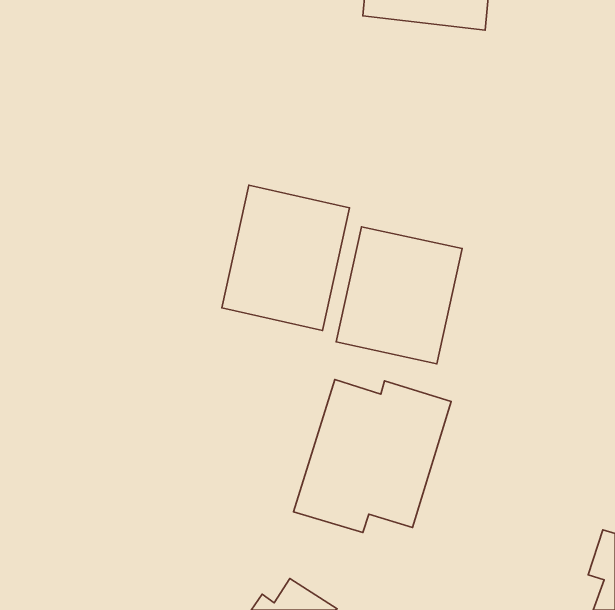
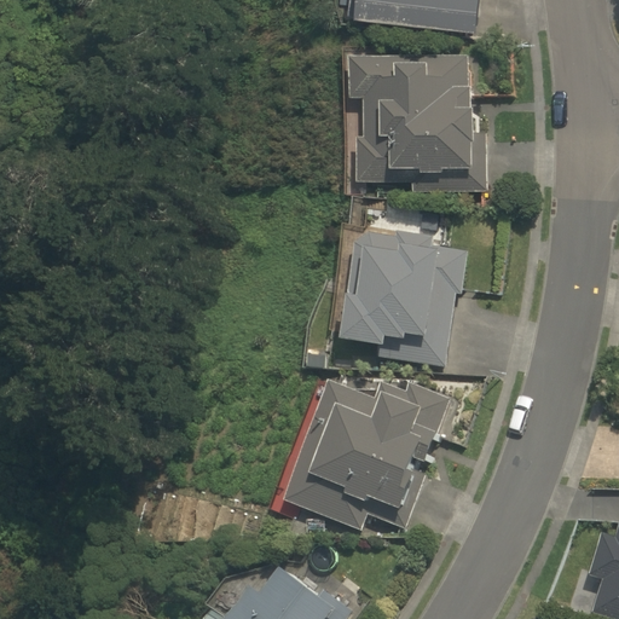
building: none -> [349,56,474,186]
building: [222,185,350,330] -> none

